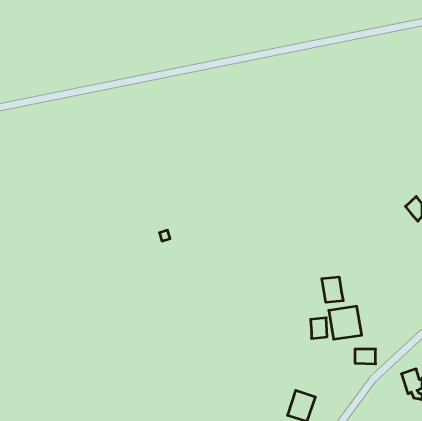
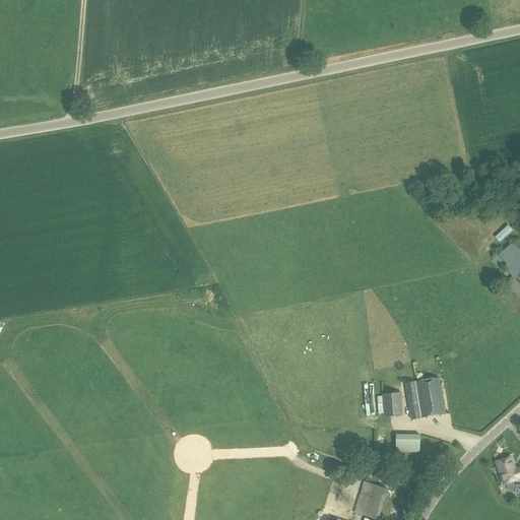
building: [322,277,343,302] -> none
building: [355,349,376,364] -> [395,434,420,452]

